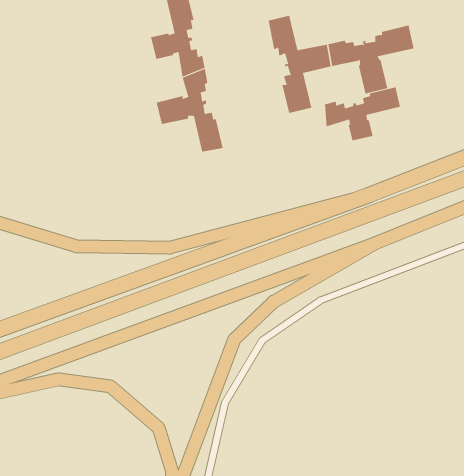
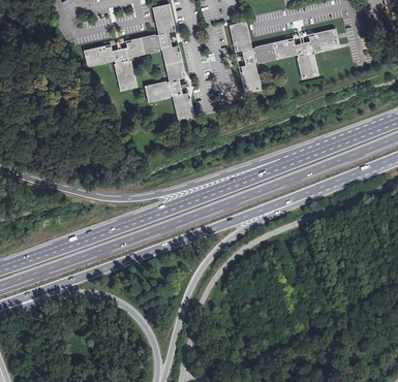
building: none -> [84,37,145,91]
building: [324,87,401,141] -> none

